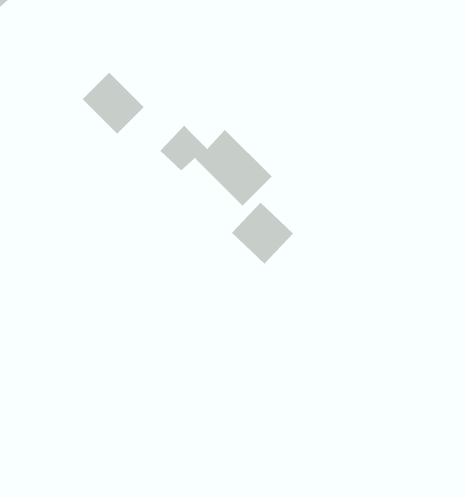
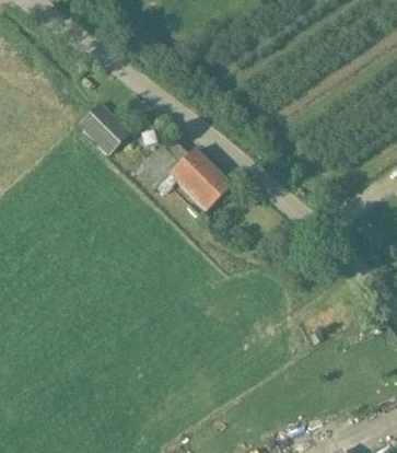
building: [231,202,294,264] -> none

